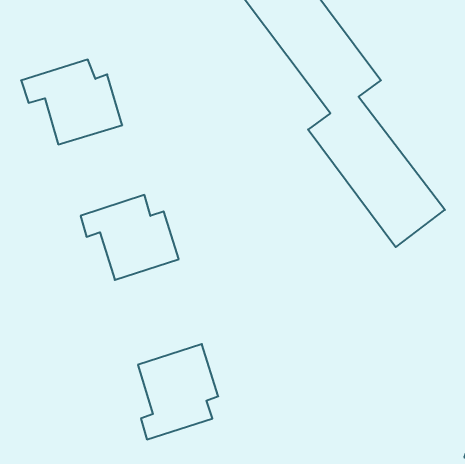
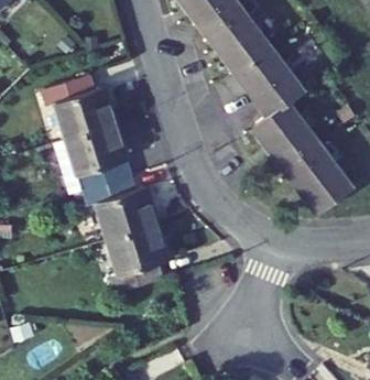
building: none -> [66,123,130,191]
building: [138,344,218,439] -> [108,222,167,293]

